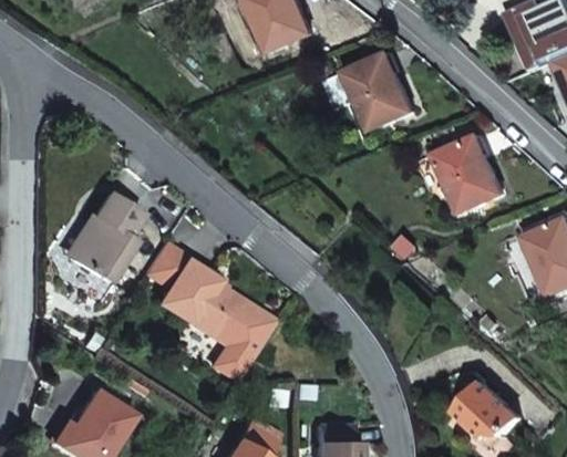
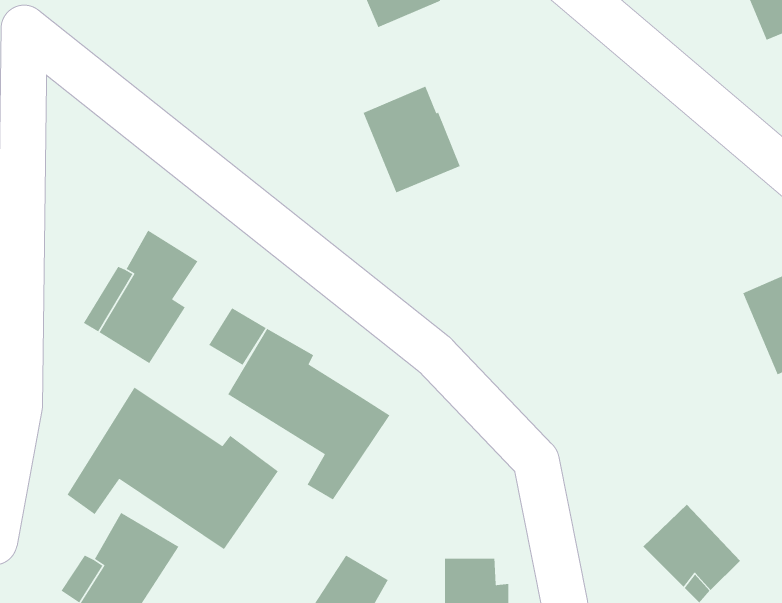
building: [343,54,412,129] -> [362,86,461,193]
building: [432,136,501,212] -> none
building: none -> [67,387,279,550]

